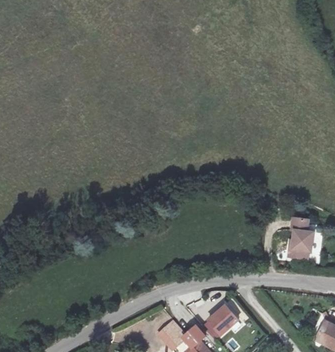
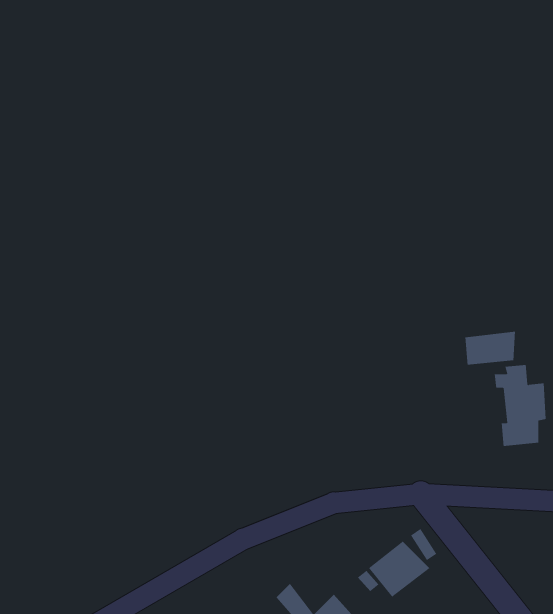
building: none -> [465,331,516,366]

